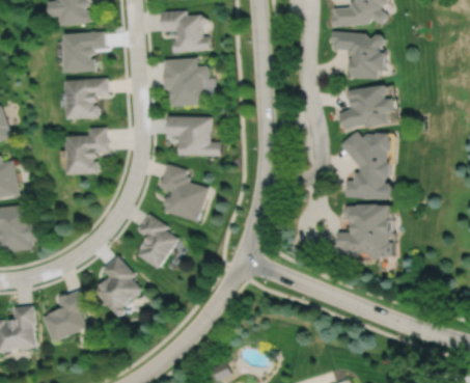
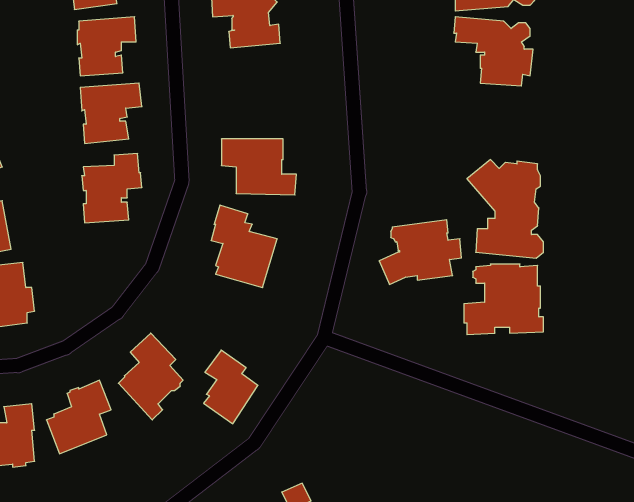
building: [162,58,206,107] -> none
building: [337,86,395,132] -> [379,220,461,284]
building: [137,215,175,267] -> [204,350,258,424]

